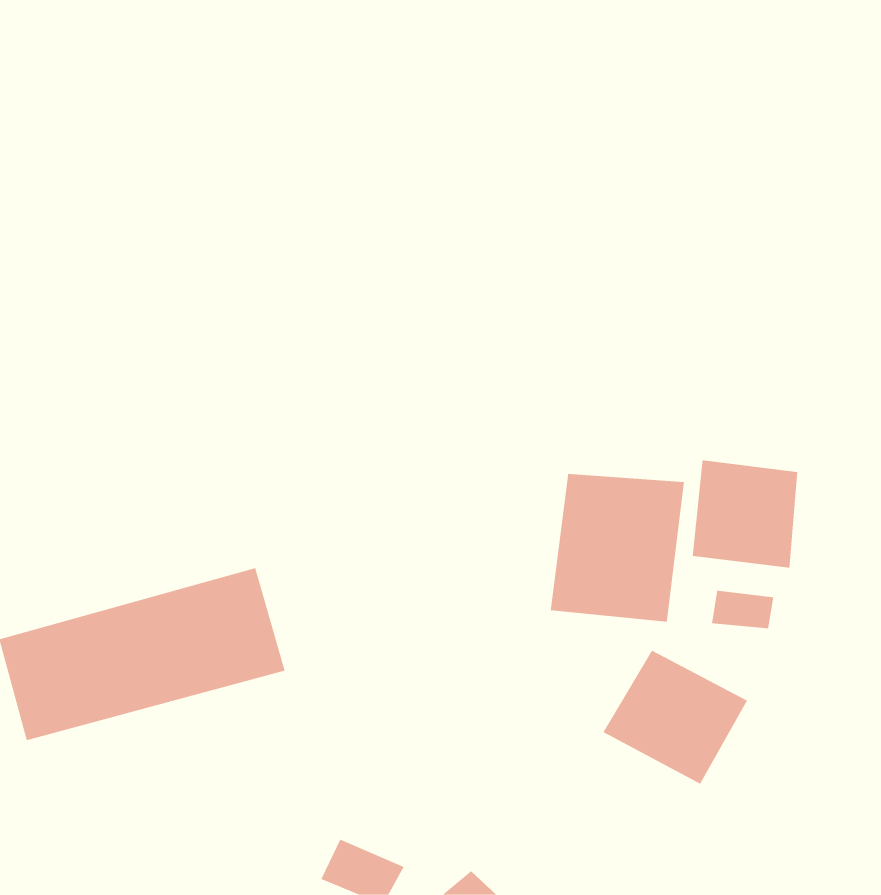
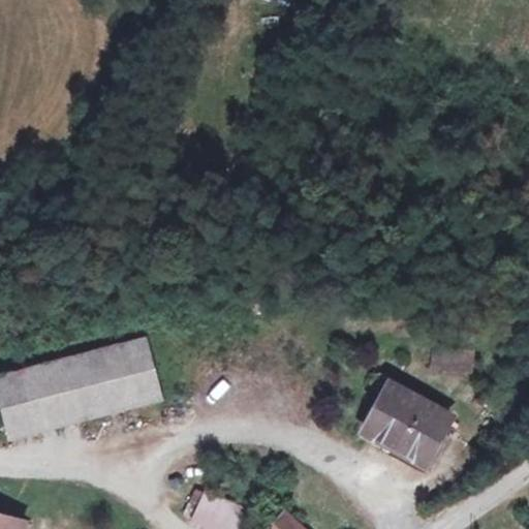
building: [692,459,798,568] -> none
building: [550,473,684,623] -> none

